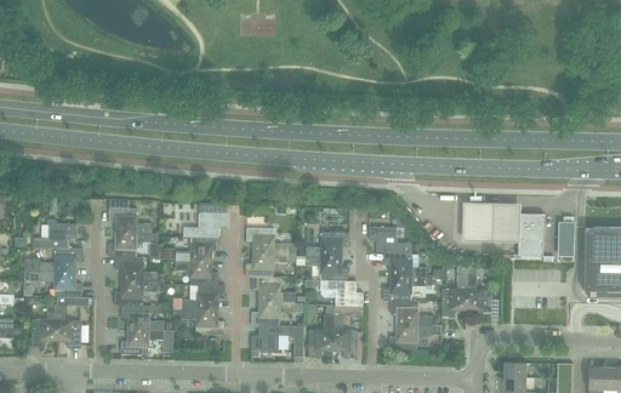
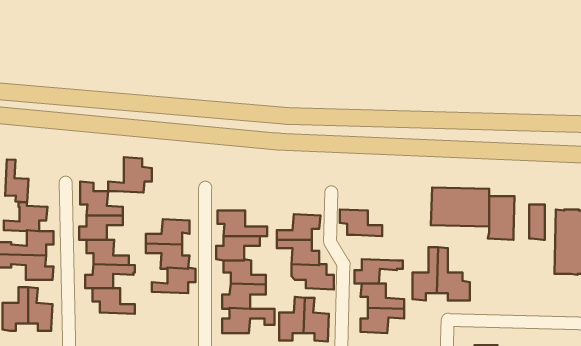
building: none -> [5,159,29,202]
building: [183,201,227,237] -> [108,157,152,192]
building: [383,251,427,277] -> none
building: [181,308,224,334] -> none
building: [120,329,164,354] -> none

